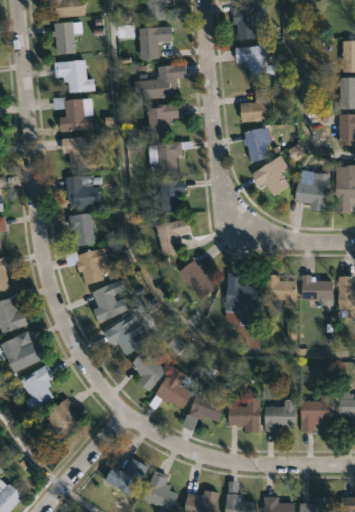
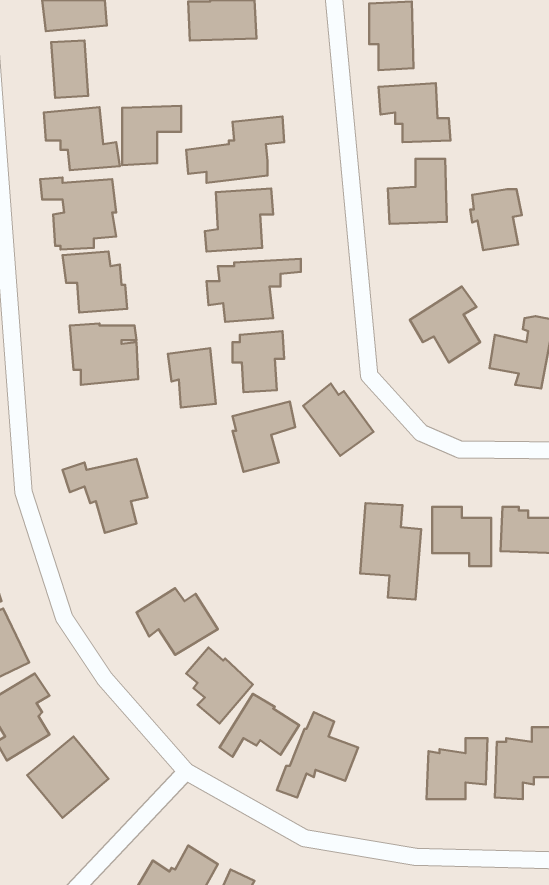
building: [137,27,169,59] -> [122,106,181,165]
building: [241,129,269,162] -> [470,189,522,250]
building: [68,213,94,245] -> [168,348,216,407]
building: [177,261,215,300] -> [303,384,373,456]
building: [87,280,128,323] -> none
building: [227,399,259,432] -> none

